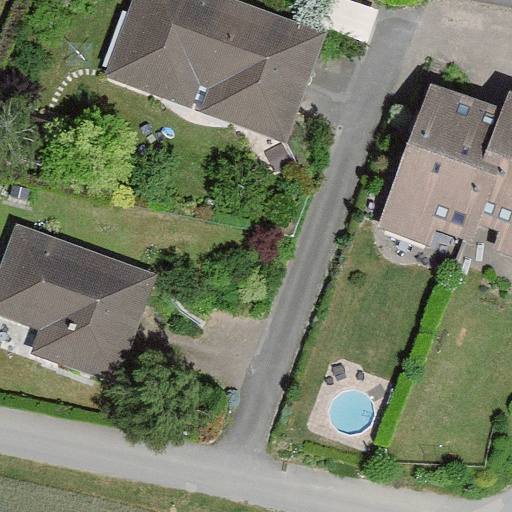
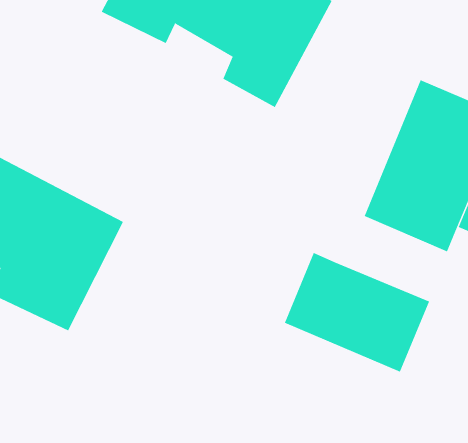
building: none -> [284,252,430,373]

